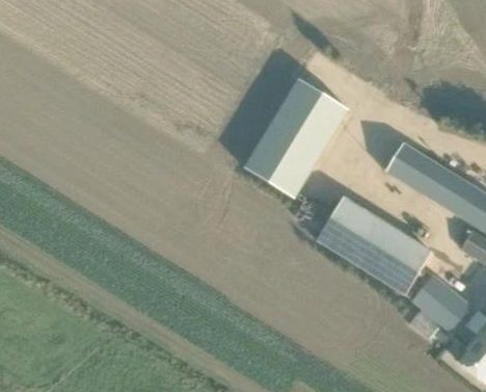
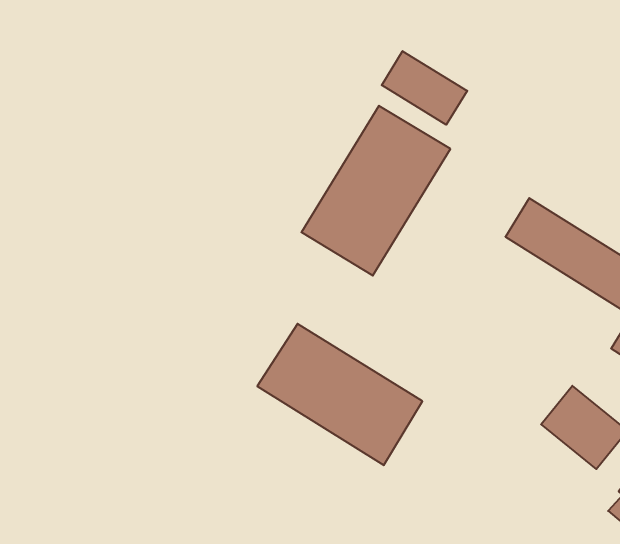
building: none -> [382,51,467,125]
building: [317,195,432,294] -> [257,324,422,465]

